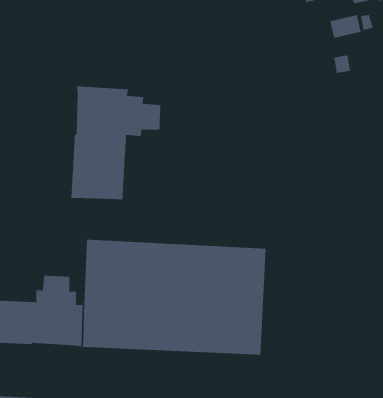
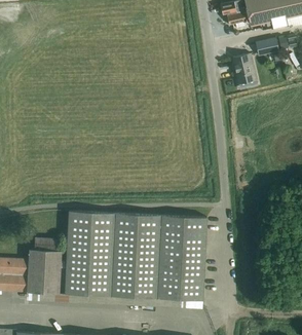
building: none -> [232,54,257,85]
building: [71,86,161,200] -> none

